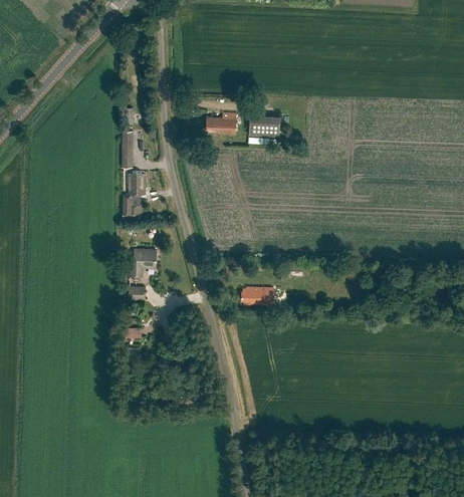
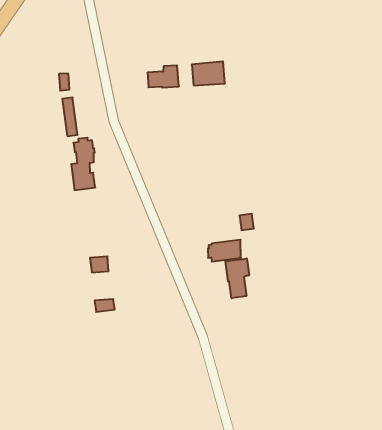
building: [130,249,156,277] -> none
building: none -> [225,258,249,298]

